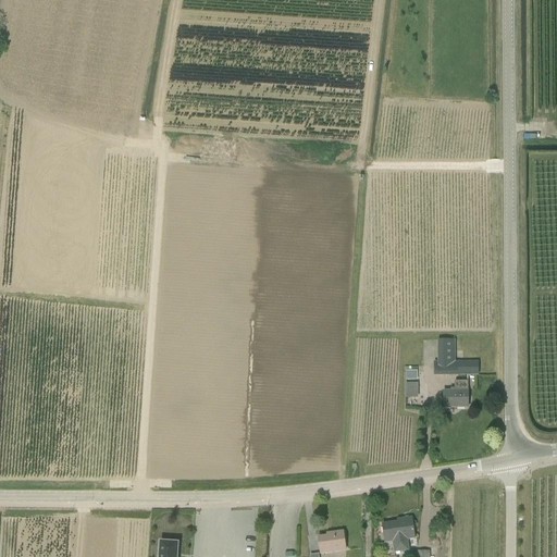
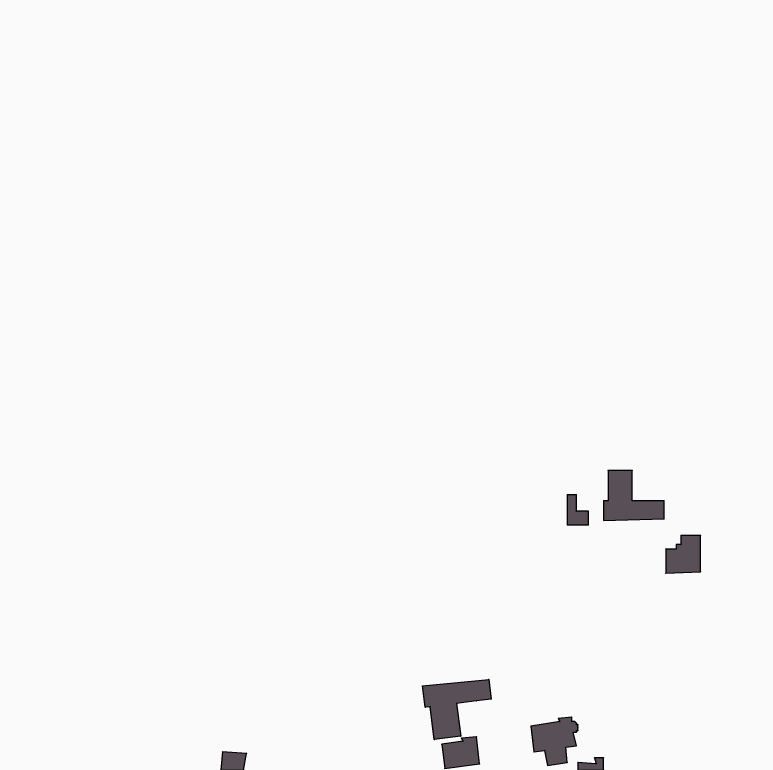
building: [443,380,468,407] -> [666,535,701,573]
building: none -> [423,679,491,740]

